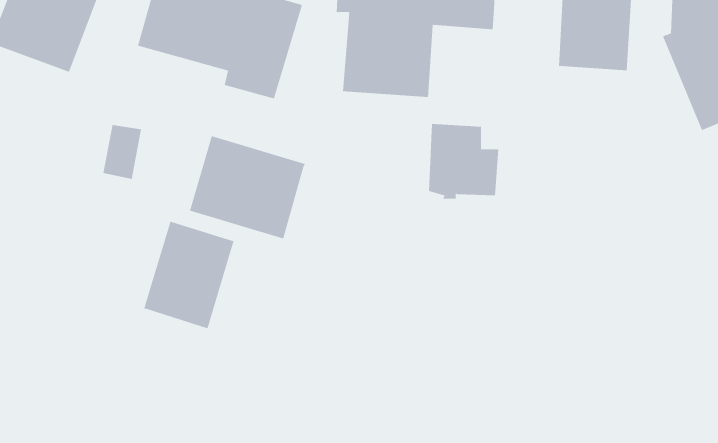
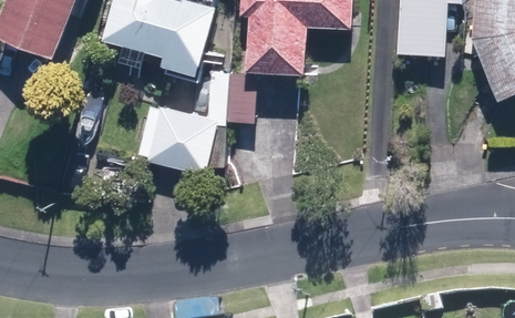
building: [428,123,499,199] -> [207,70,257,123]
building: [143,221,234,329] -> none

